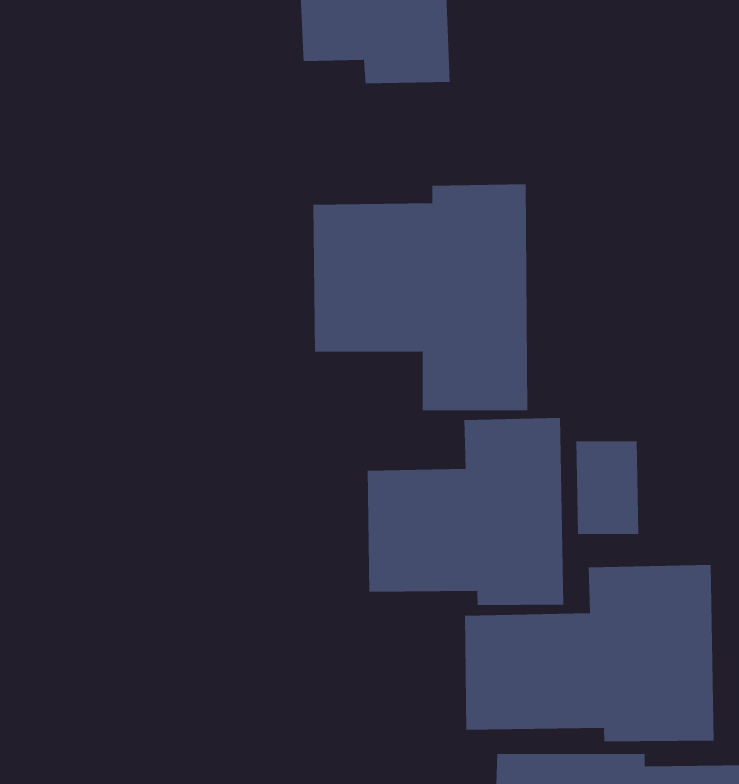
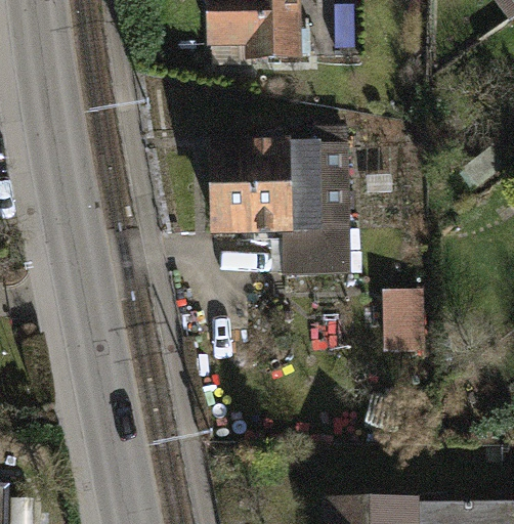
building: [367,417,564,606] -> none
building: [465,564,714,742] -> none

